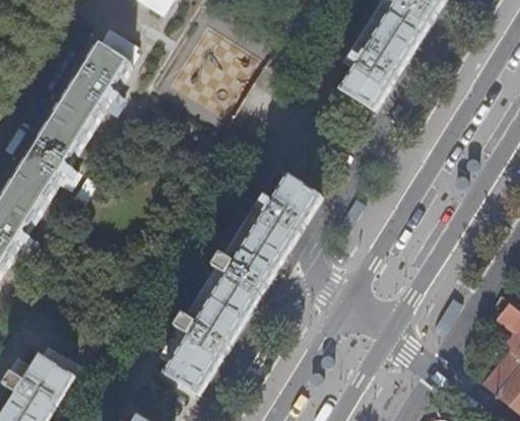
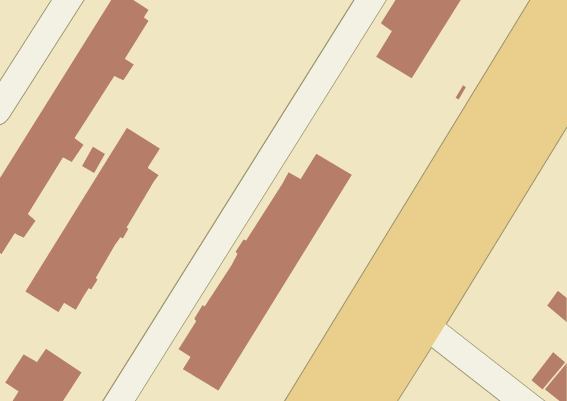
building: none -> [25,127,161,313]

